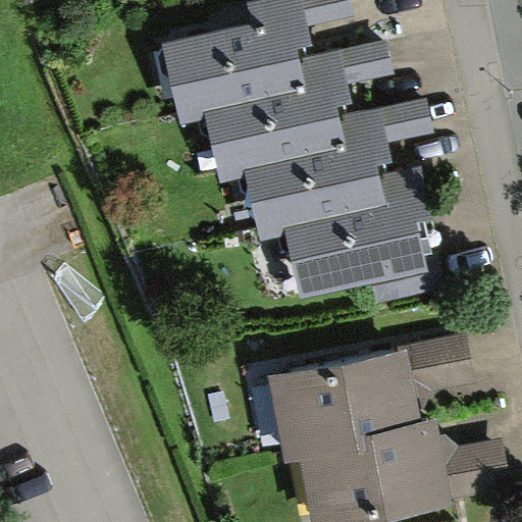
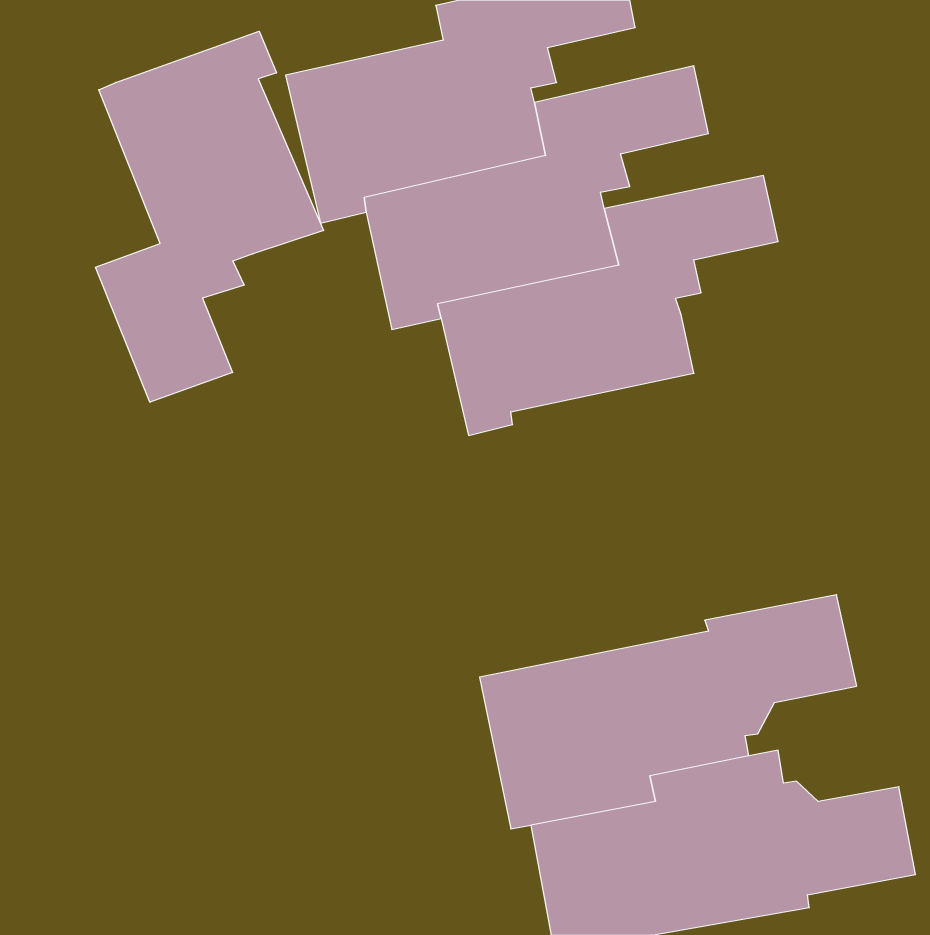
building: none -> [96,31,324,402]
building: [284,167,439,302] -> none

